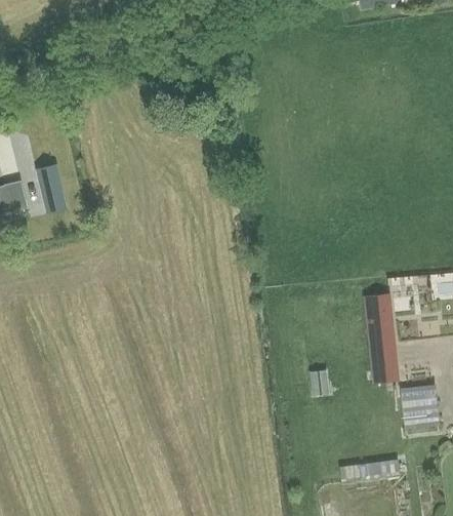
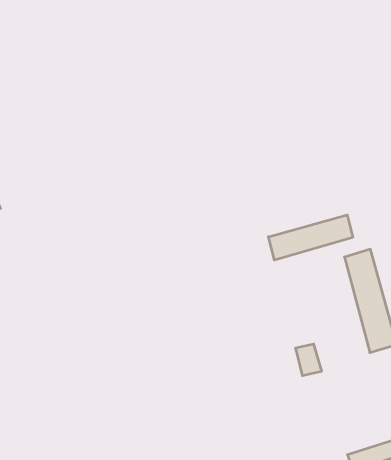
building: none -> [268,215,353,260]

